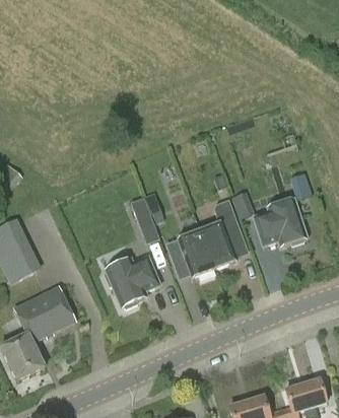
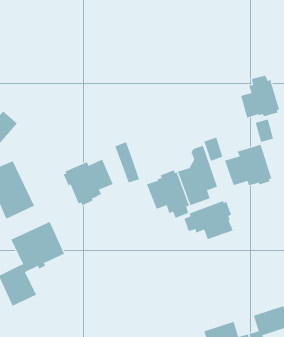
building: none -> [241,75,280,118]
building: [104,255,160,307] -> [63,159,114,206]
building: none -> [184,200,233,240]

